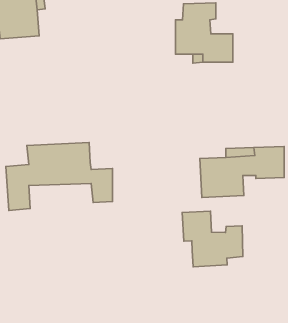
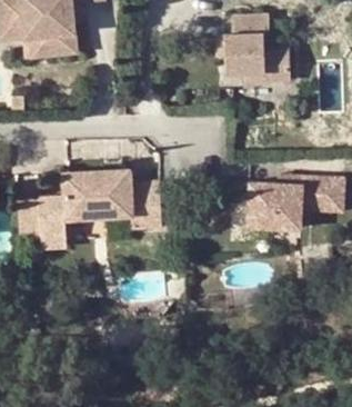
building: [182,211,243,267] -> none

